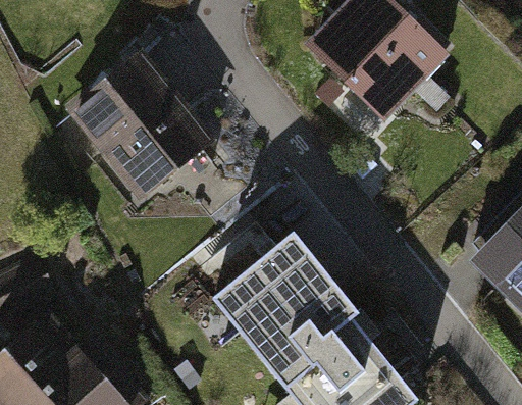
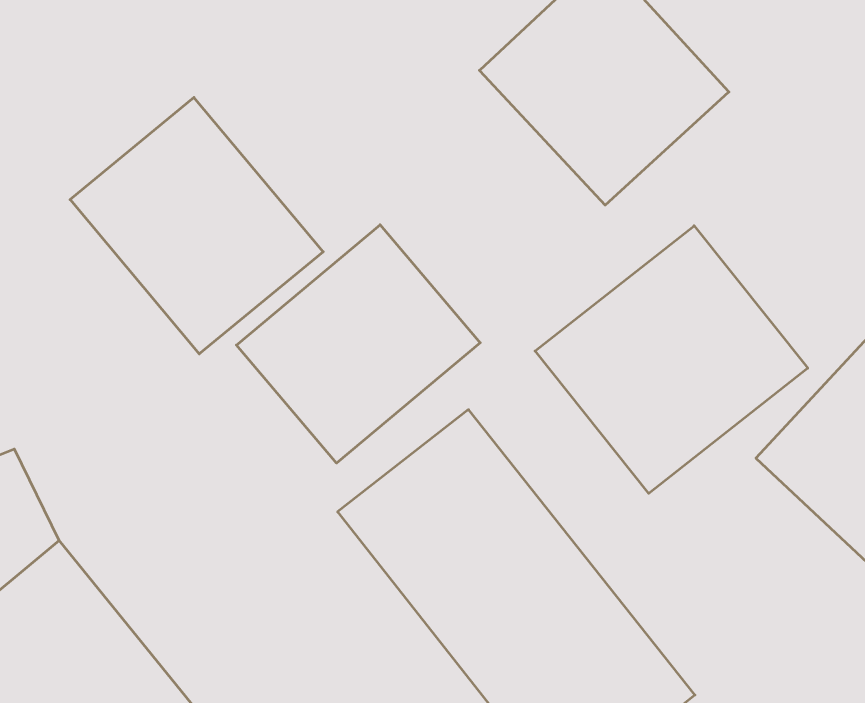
building: none -> [236,225,480,463]
building: none -> [535,226,808,493]

